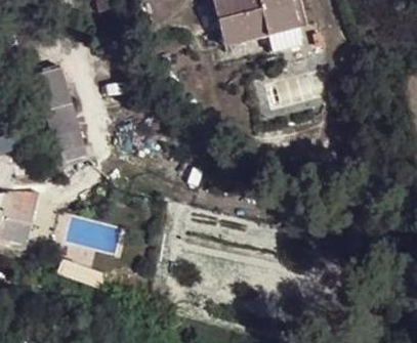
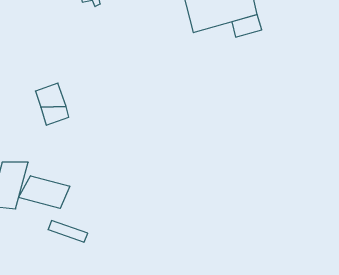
building: [34,66,71,113] -> none
building: none -> [19,176,70,208]

